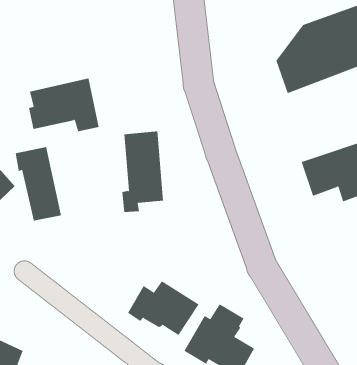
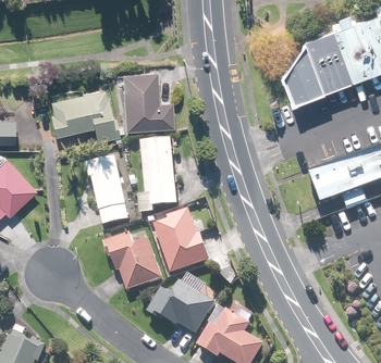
building: none -> [116,70,174,130]
building: [15,146,62,221] -> [86,155,131,226]
building: none -> [153,210,211,275]
building: none -> [105,235,163,290]

